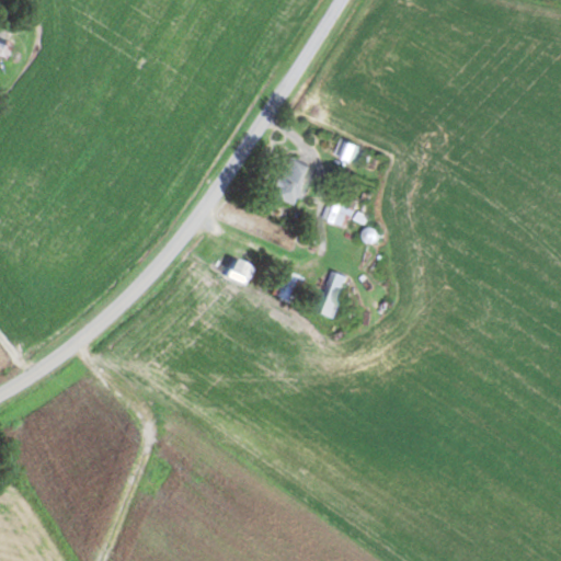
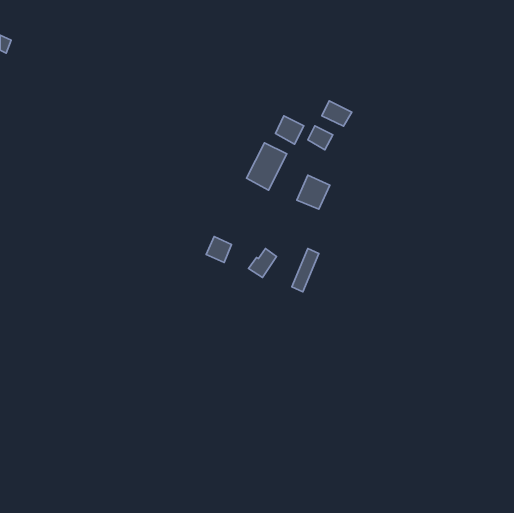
building: none -> [322,101,352,126]
building: none -> [276,116,304,144]

